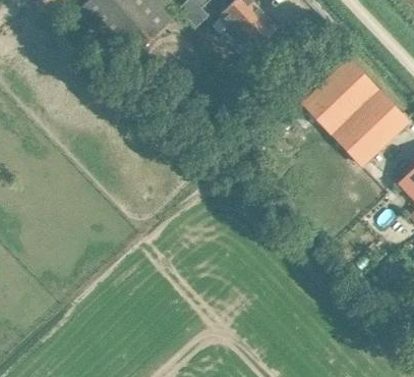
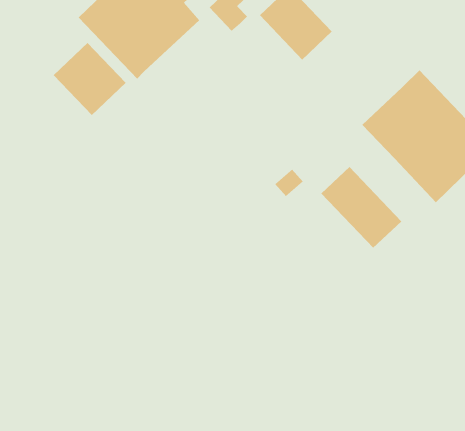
building: none -> [53,42,127,116]
building: none -> [321,166,402,249]

